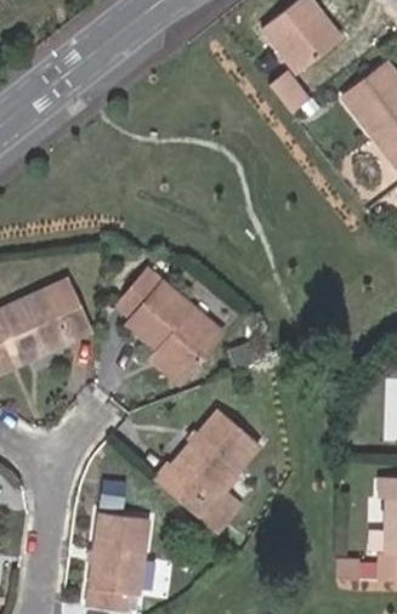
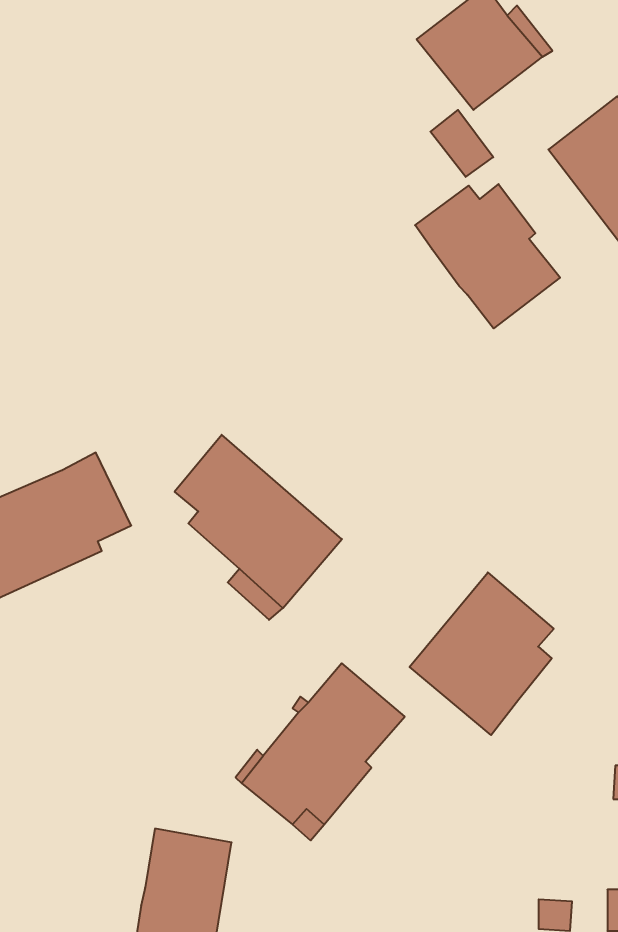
building: none -> [415,184,560,328]
building: none -> [410,572,554,735]

